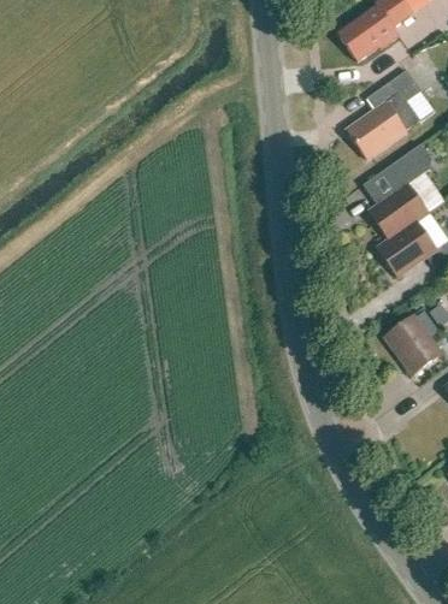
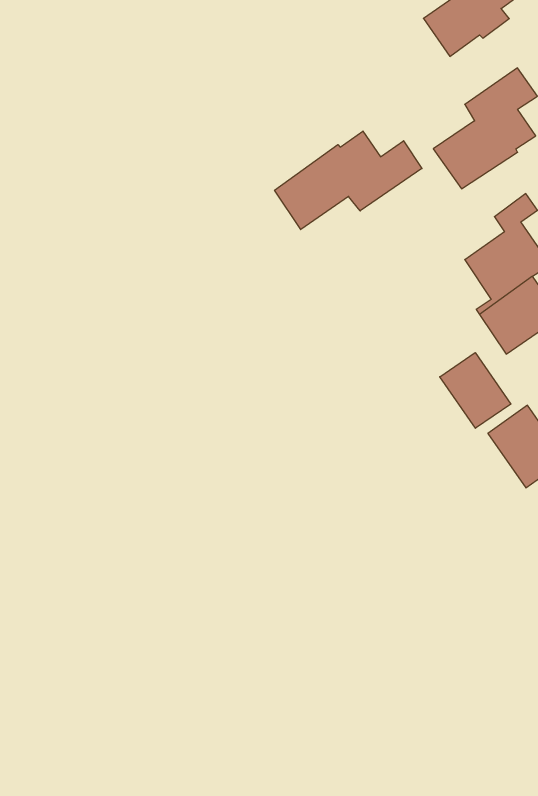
building: none -> [275,131,422,230]
building: none -> [440,353,511,428]

